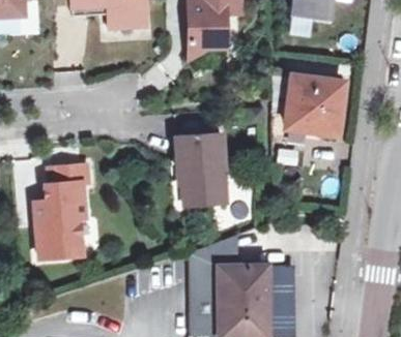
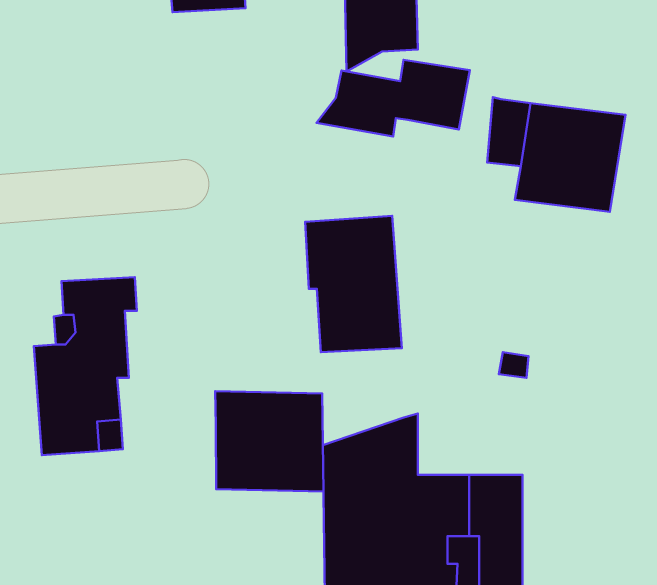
building: none -> [316,60,470,136]
building: none -> [215,391,323,491]

